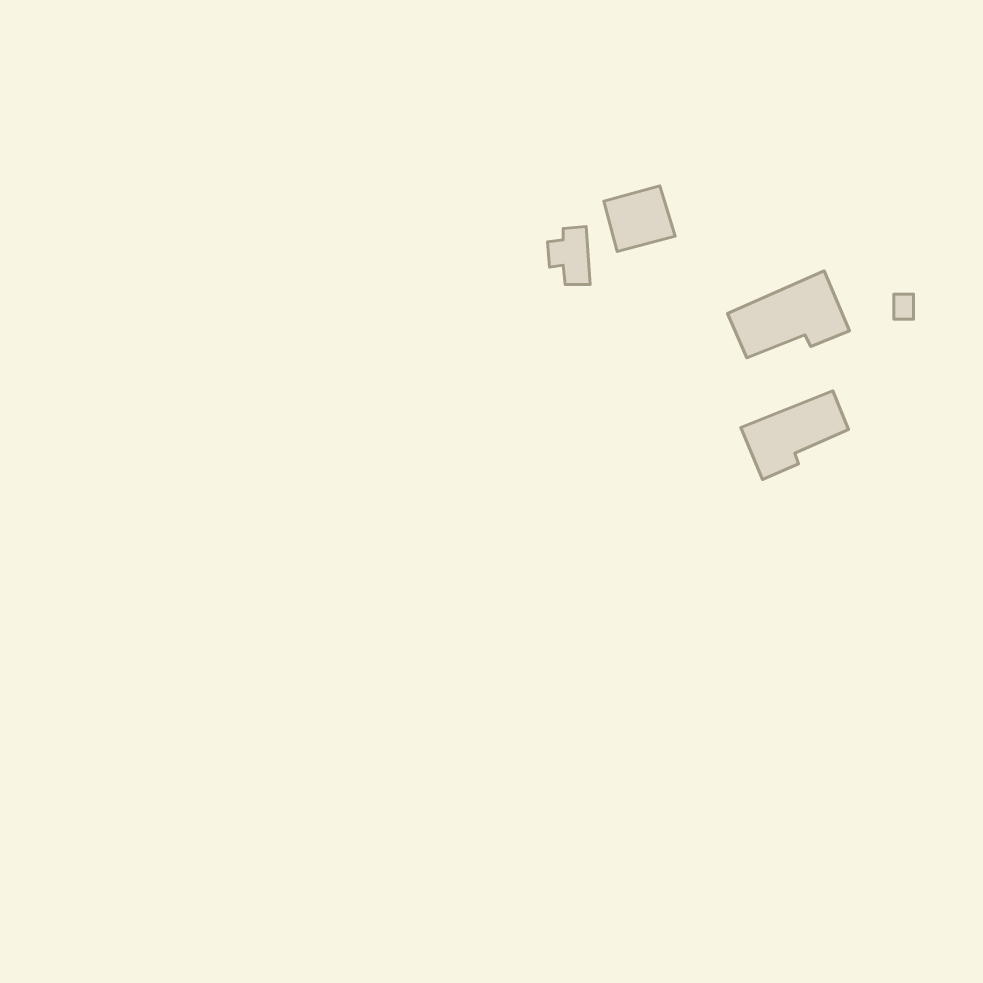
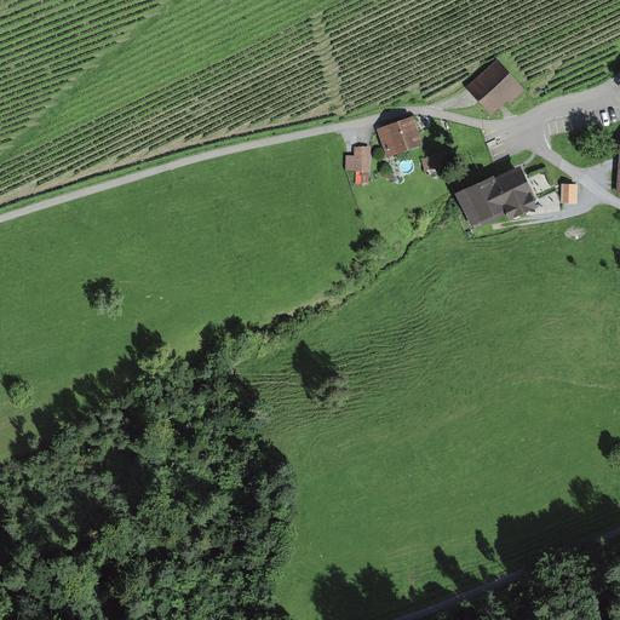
building: none -> [471,61,521,110]
building: [741,391,849,480] -> none

